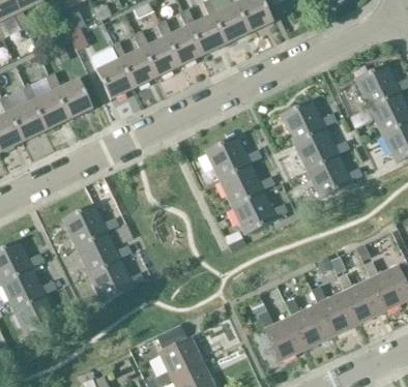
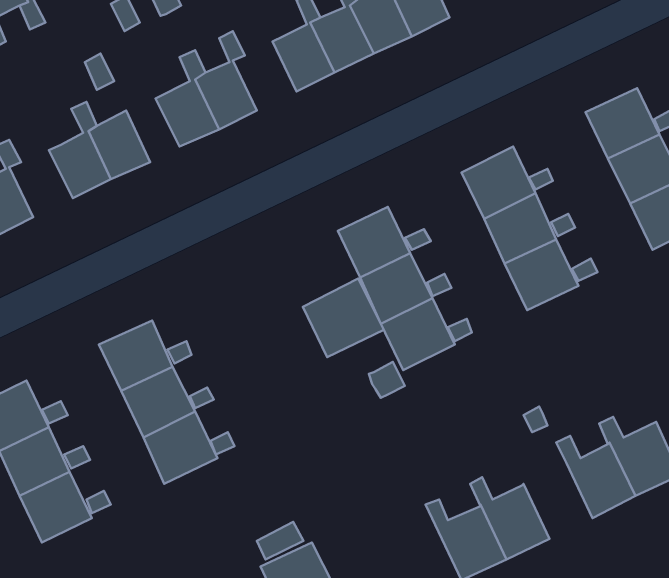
building: [142,18,180,77] -> none
building: [7,83,46,141] -> none
building: none -> [303,278,384,357]
building: [310,285,358,334] -> none

